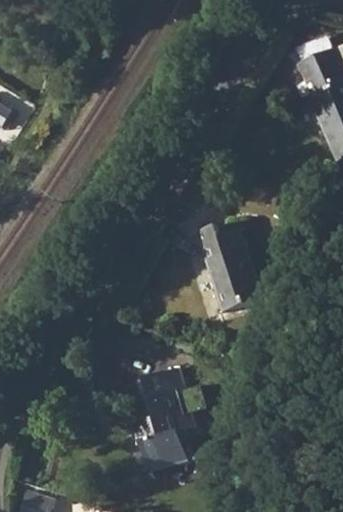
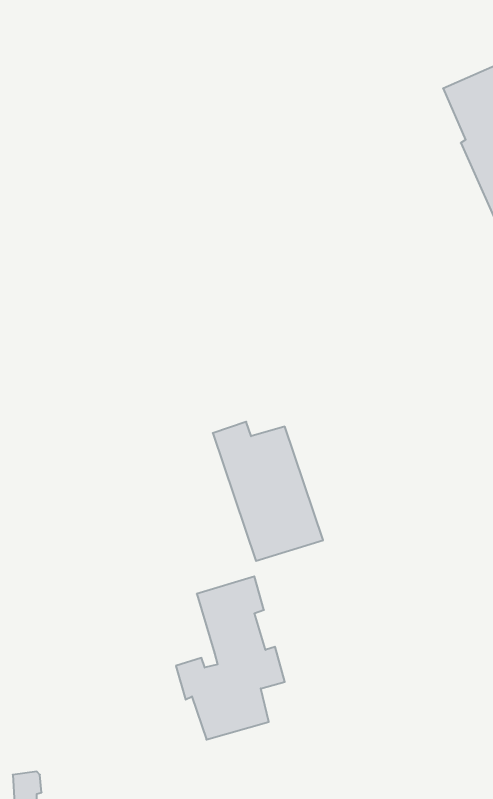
building: [195,224,264,311] -> [213,422,323,561]

